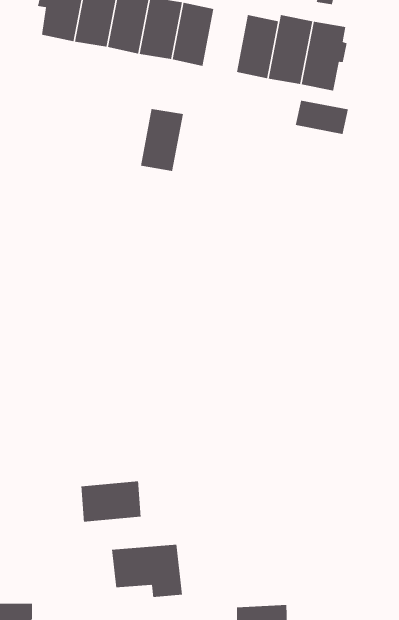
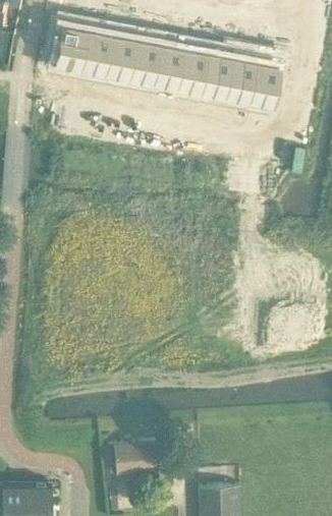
building: [295,100,349,135] -> none
building: [140,108,184,171] -> [175,47,208,94]
building: [81,481,141,522] -> none

